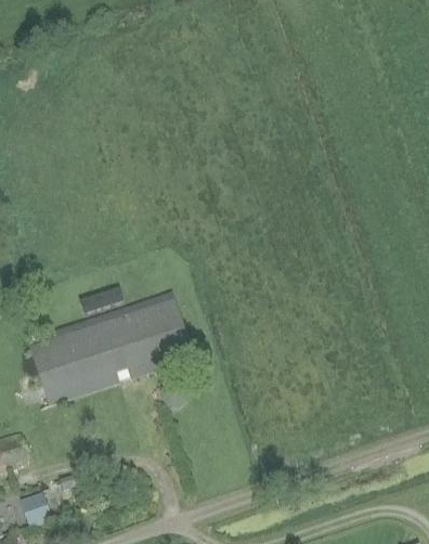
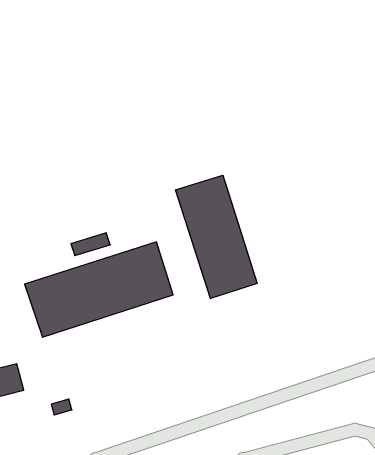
building: none -> [176,175,257,299]
building: [18,490,49,524] -> none

